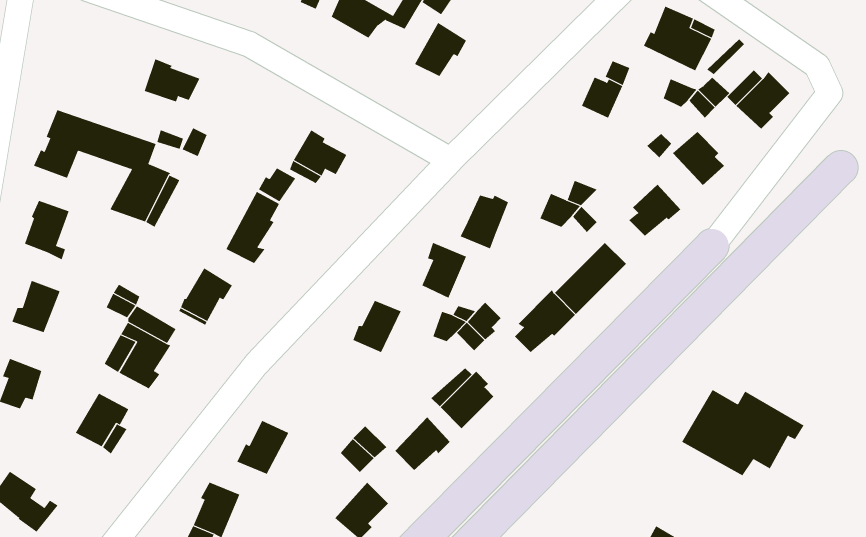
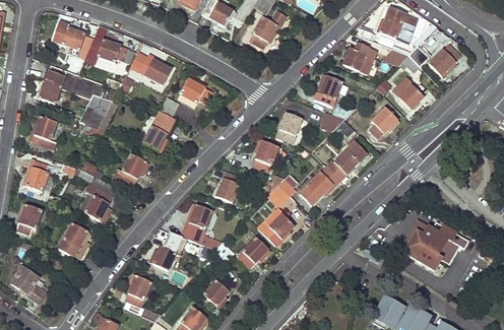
building: none -> [55,26,91,58]
building: none -> [141,57,173,84]
building: none -> [317,75,341,107]
building: none -> [187,205,211,236]

